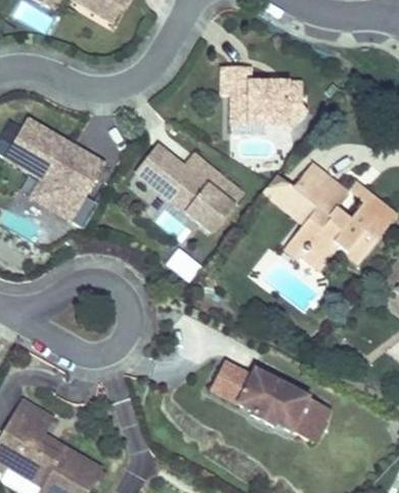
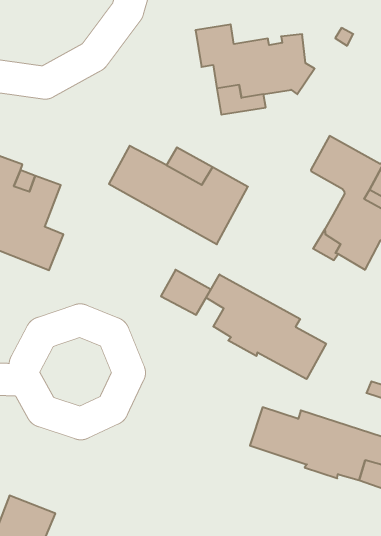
building: [264,173,316,223] -> none
building: none -> [206,274,326,379]

